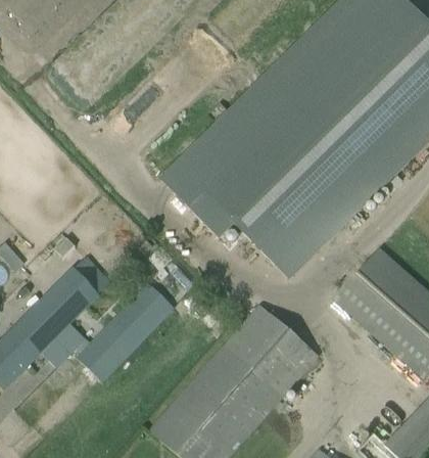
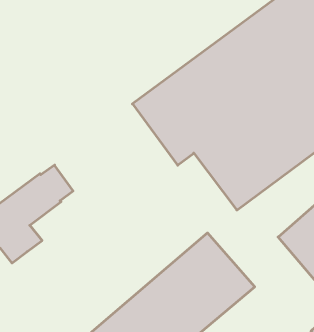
building: [77,281,174,381] -> none

